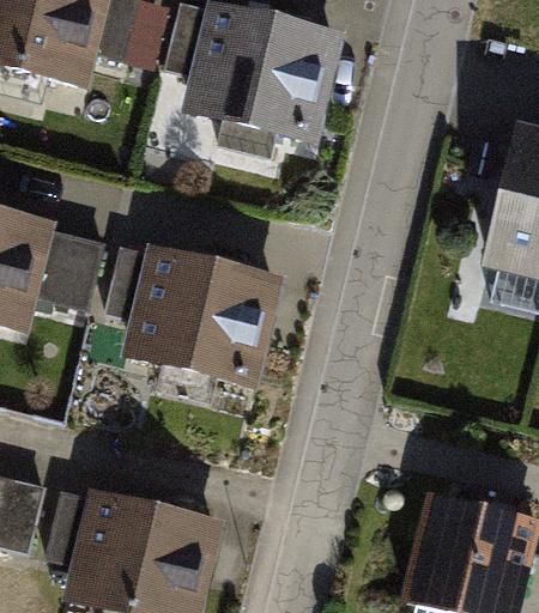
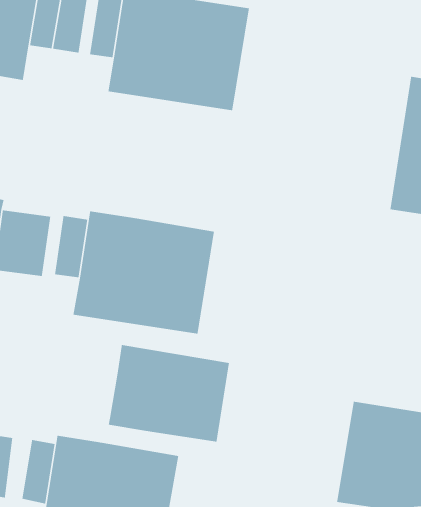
building: none -> [108,344,230,442]

